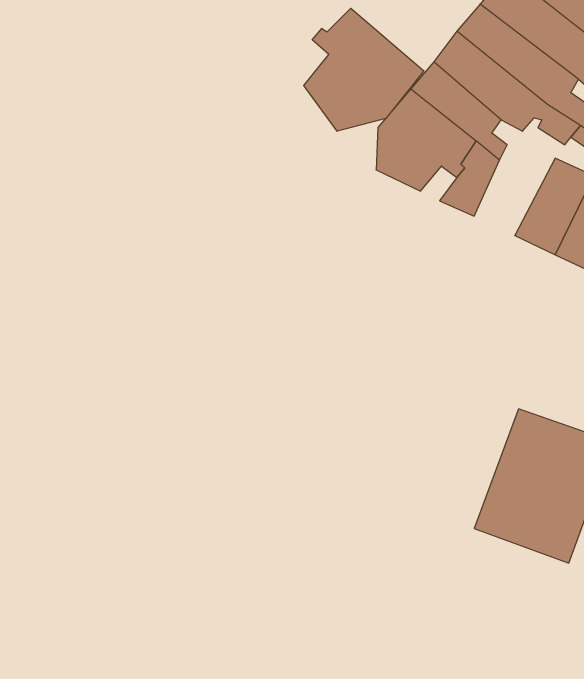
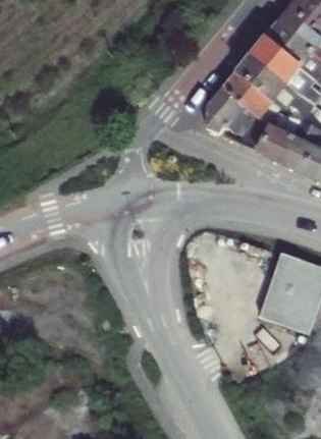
building: [304,8,424,131] -> none
building: none -> [258,111,301,162]

